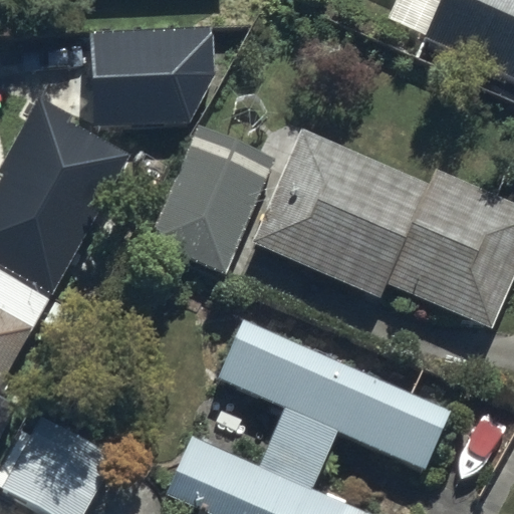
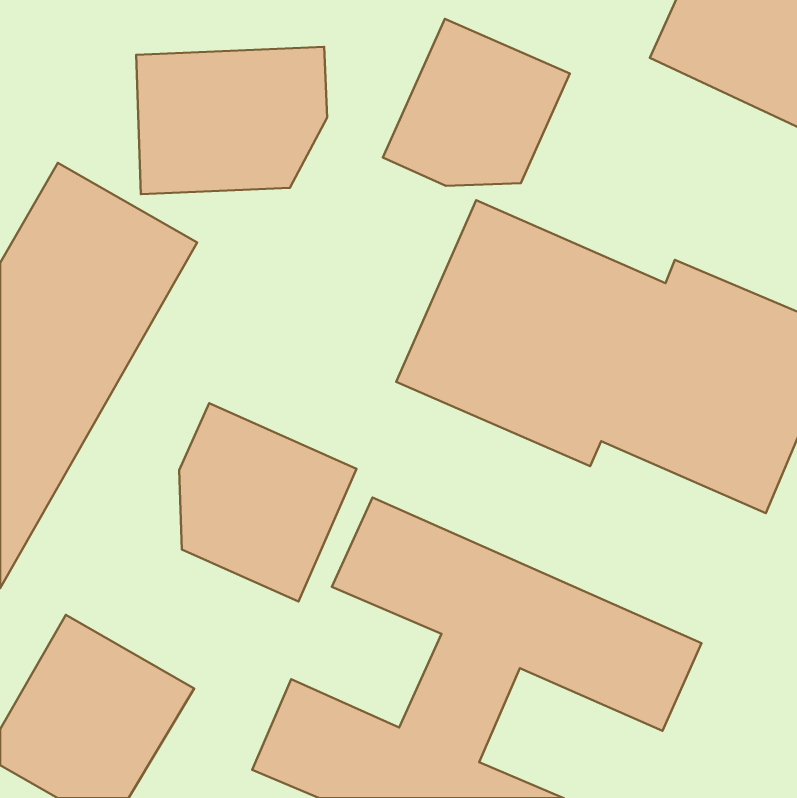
building: none -> [383,19,570,186]
building: [147,121,275,276] -> none
building: none -> [179,403,357,602]

